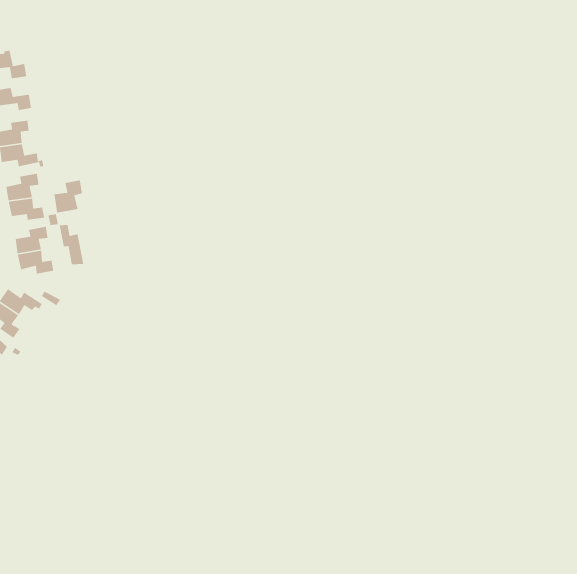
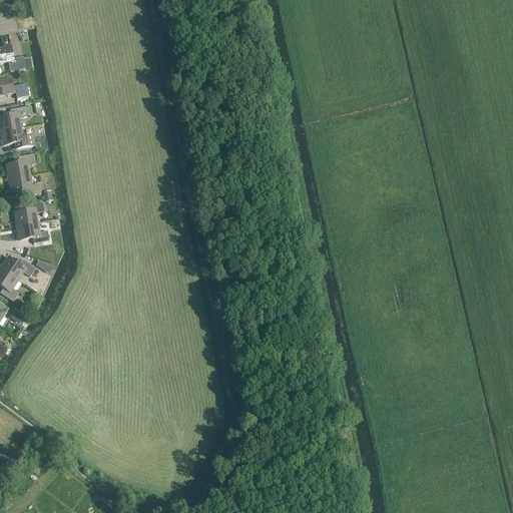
building: [53,180,83,214] -> none
building: [59,224,84,265] -> none

